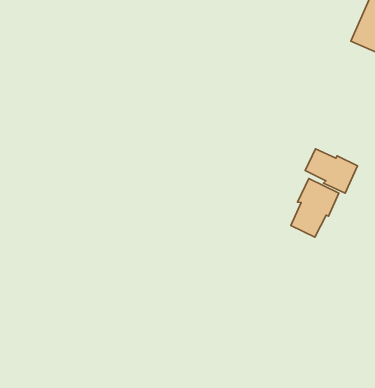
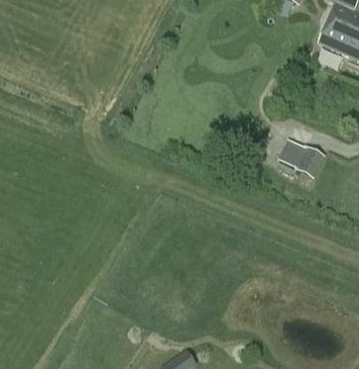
building: [291,178,339,237] -> none

